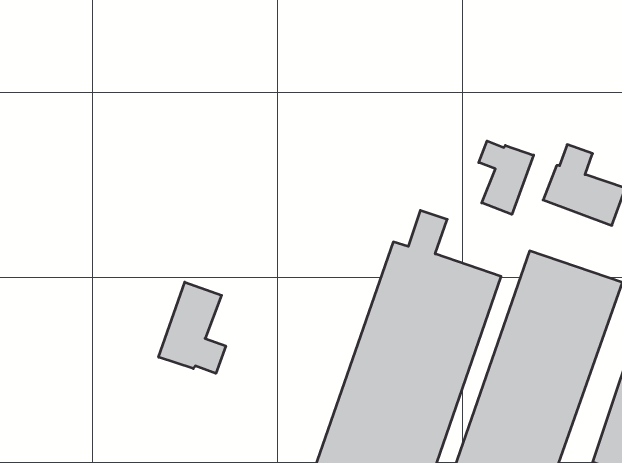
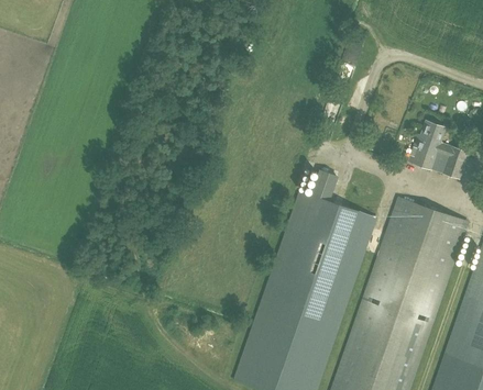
building: [479,141,534,214] -> none
building: [159,282,226,373] -> none

